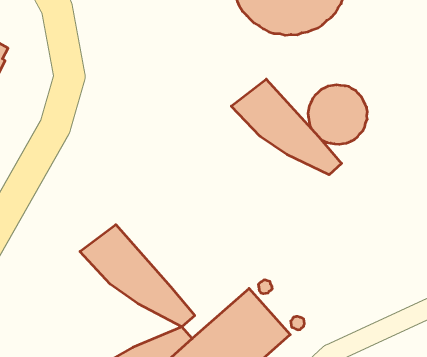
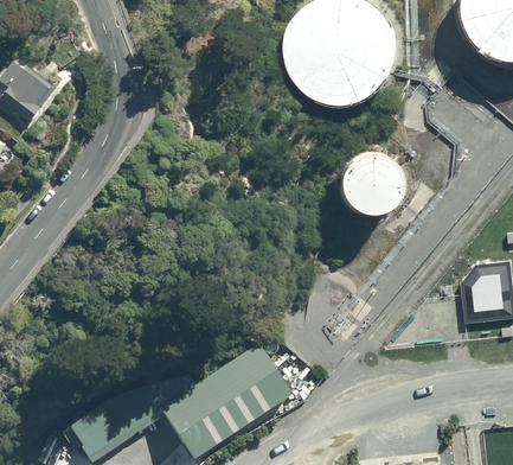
building: [231,79,342,175] -> none
building: [80,225,195,327] -> none

